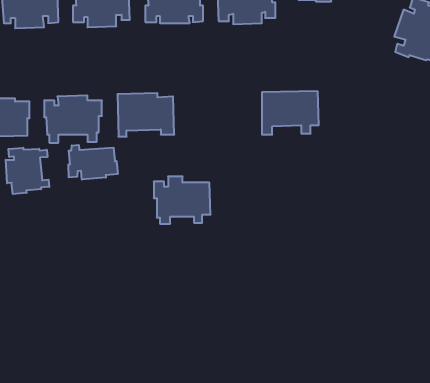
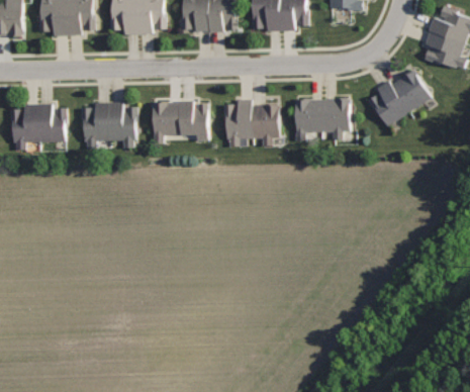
building: none -> [366,70,431,126]
building: [68,145,118,180] -> none
building: [6,148,49,194] -> none
building: [154,176,211,224] -> [222,99,278,145]

